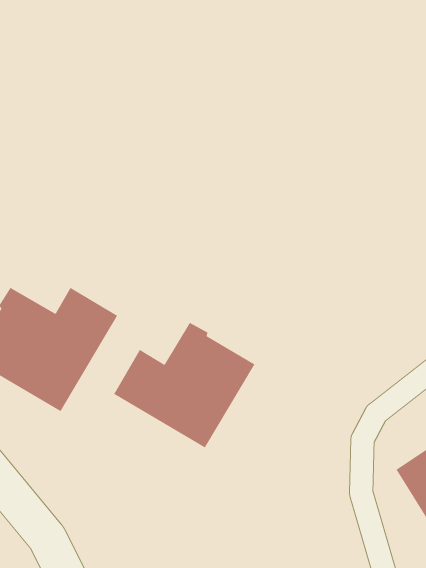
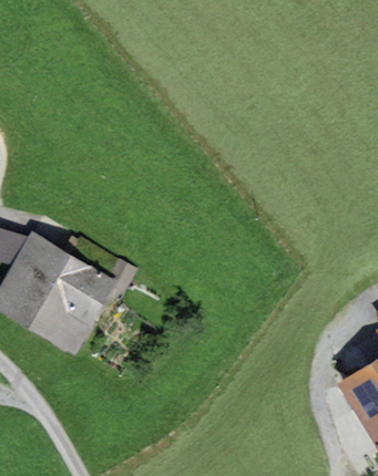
building: [113,322,255,449] -> none

